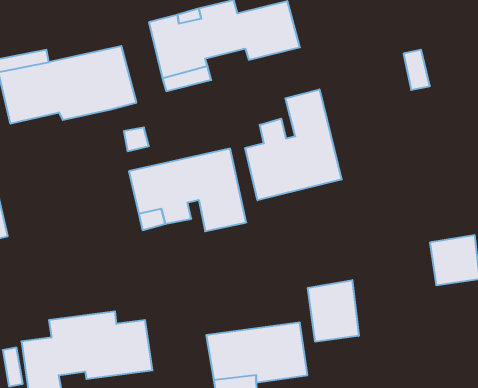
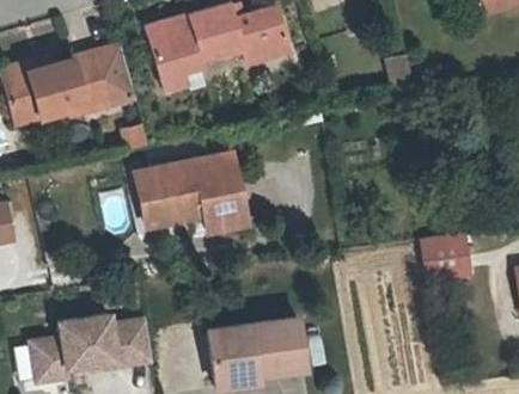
building: [245,89,342,200] -> none
building: [308,280,359,342] -> none

